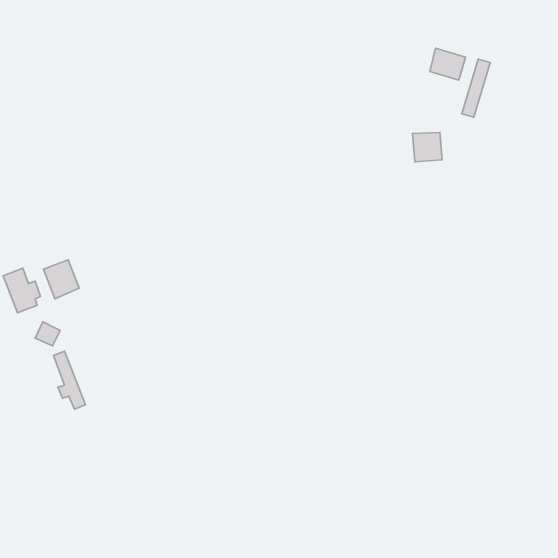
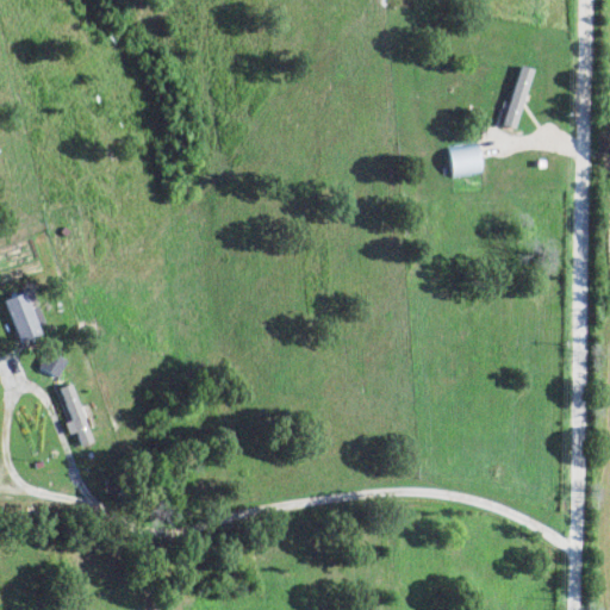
building: [430,48,466,80] -> none
building: [43,260,79,299] -> none

